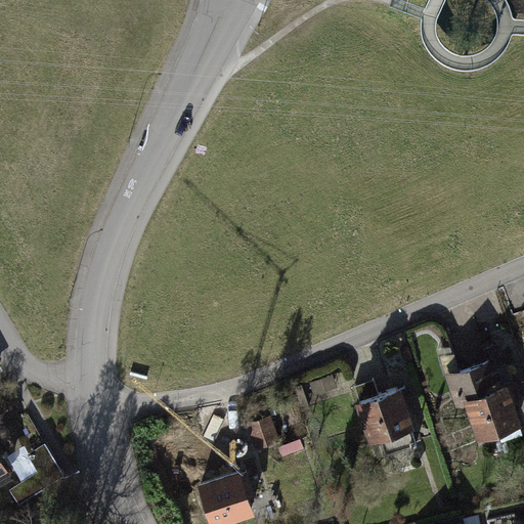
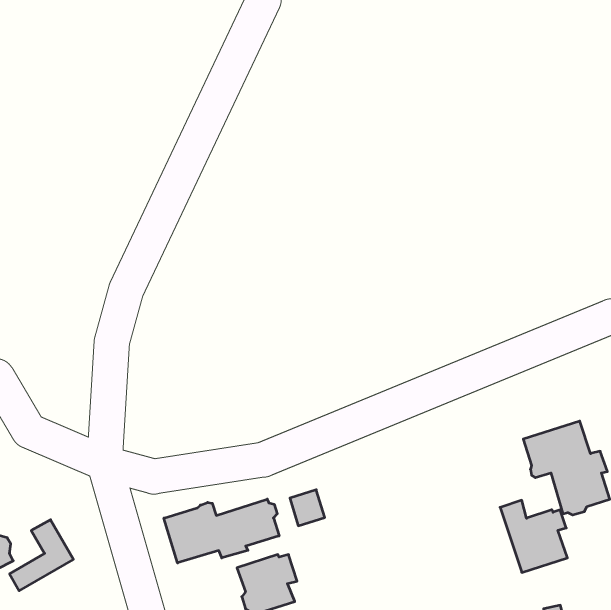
building: [353,384,410,445] -> [500,500,567,572]
building: none -> [164,499,279,563]

